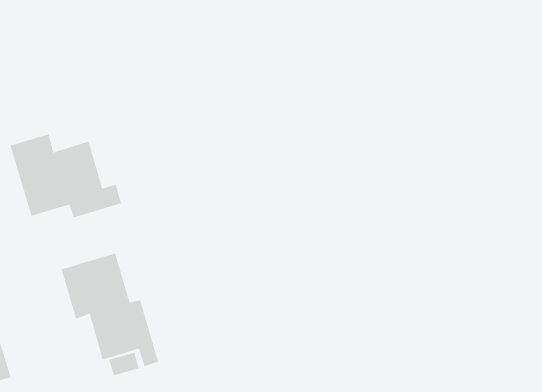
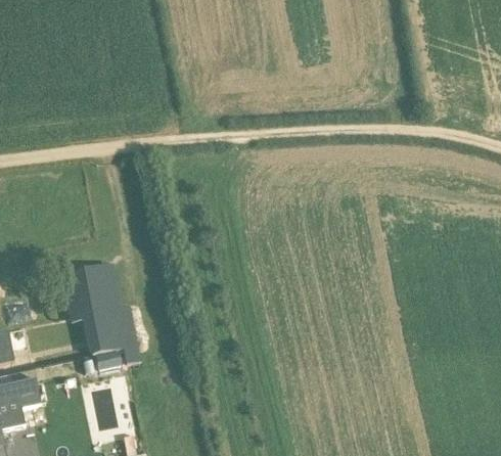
building: [10,133,122,218] -> none

